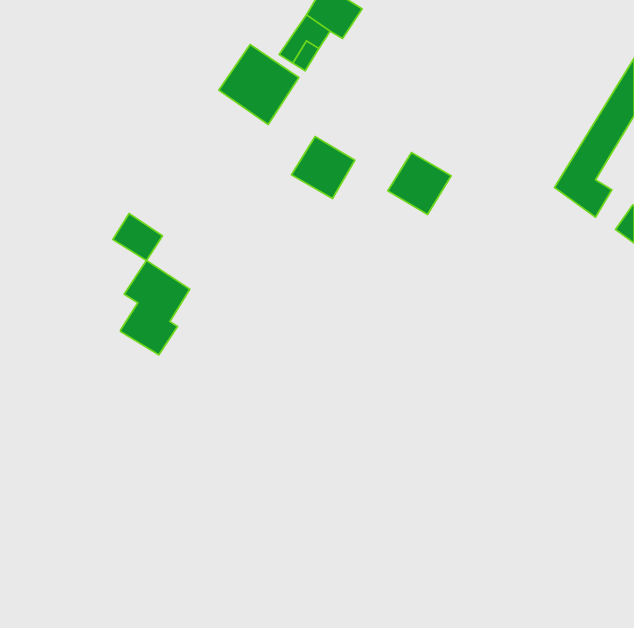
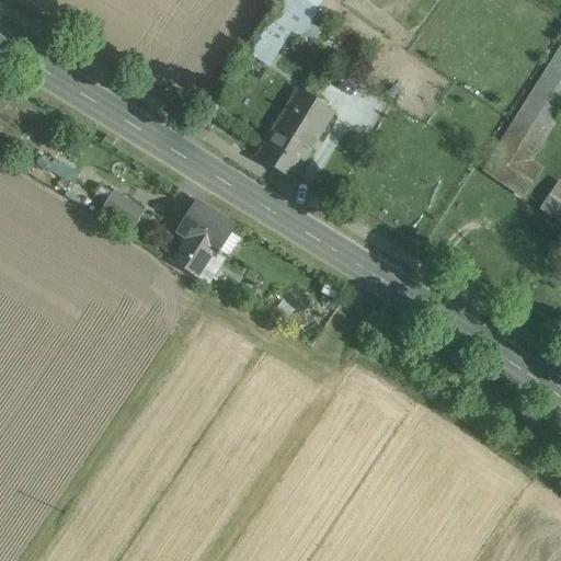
building: [219,45,299,125] -> none
building: [388,152,451,214] -> [278,87,334,141]
building: [120,261,190,355] -> [174,197,236,280]

